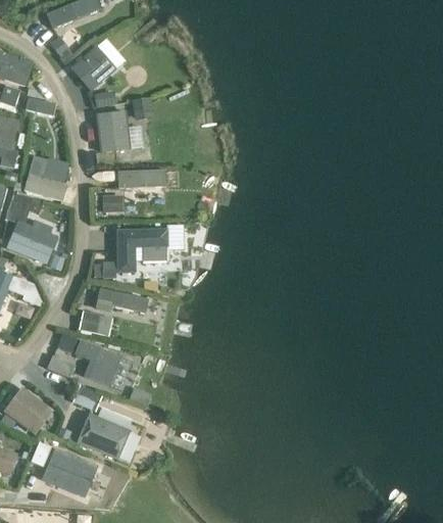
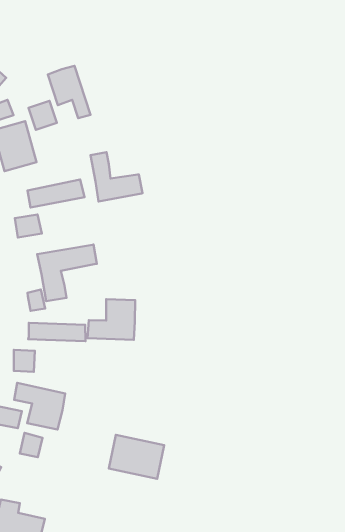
building: none -> [48,66,91,118]
building: none -> [91,152,142,202]
building: none -> [87,299,135,340]
building: [78,414,130,459] -> [109,435,164,479]

